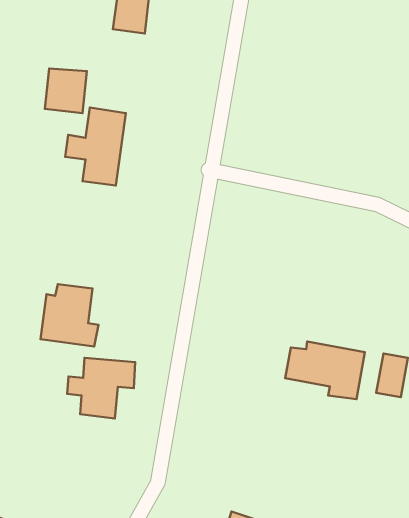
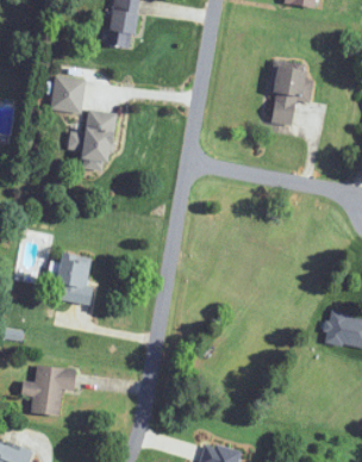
building: none -> [269,64,314,125]
building: [285,341,365,399] -> none
building: [67,358,135,419] -> [21,364,77,414]

